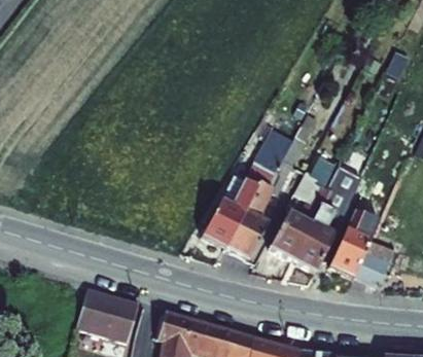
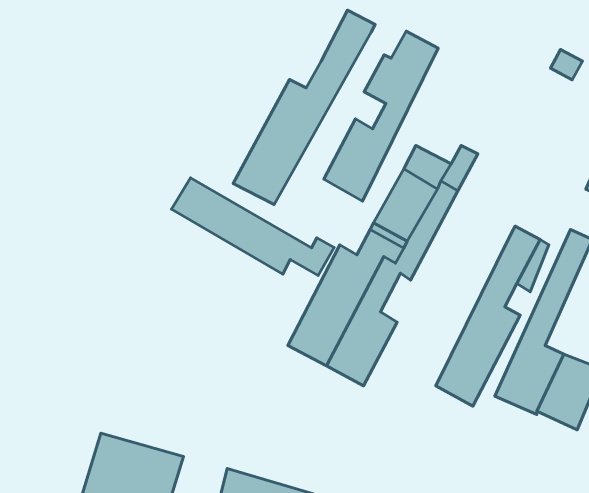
building: none -> [233,10,375,204]
building: none -> [172,178,334,275]
building: [270,158,340,262] -> [324,31,438,201]

